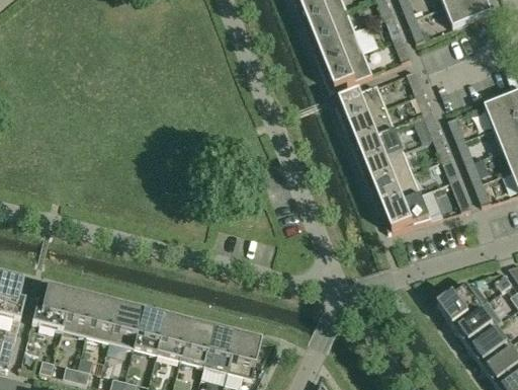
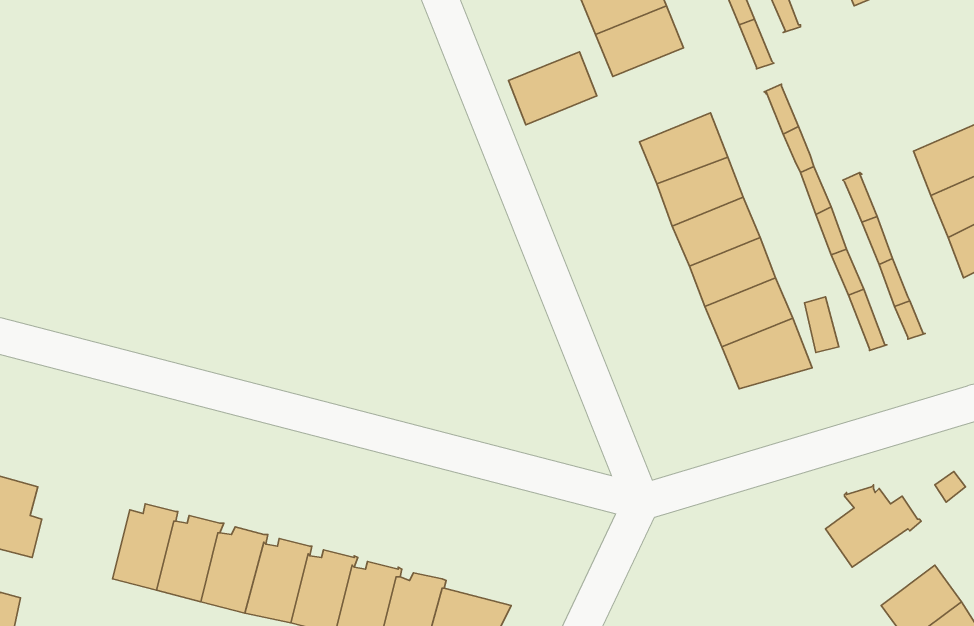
building: [326,51,372,89] -> [509,52,597,125]
building: [30,289,71,331] -> none
building: [452,305,496,345] -> none

